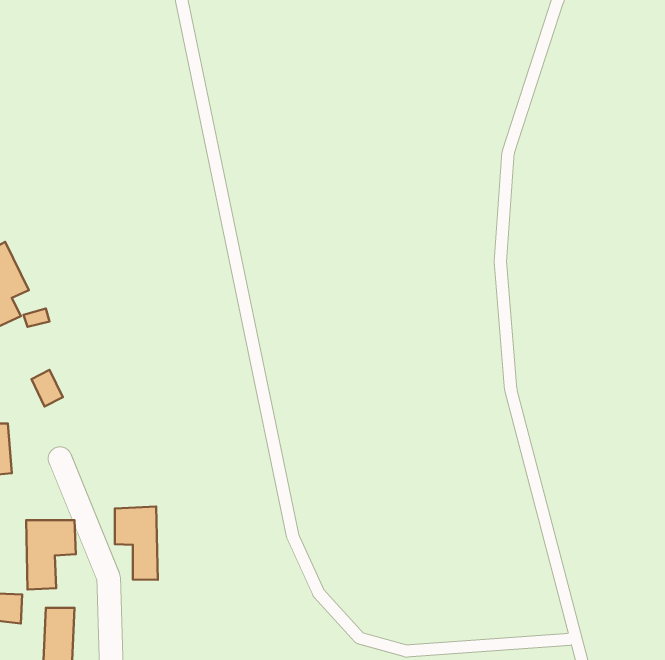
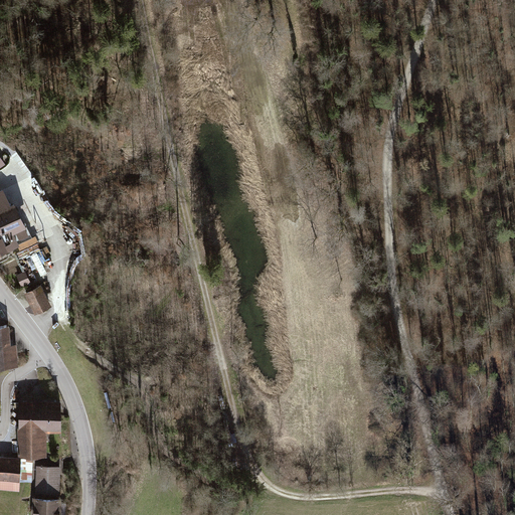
building: [115,507,158,580] -> none

